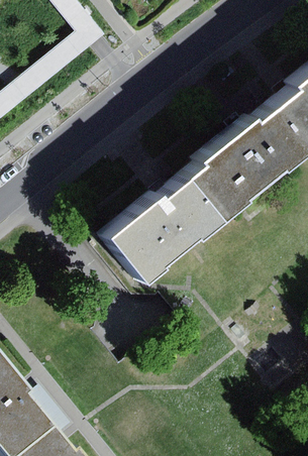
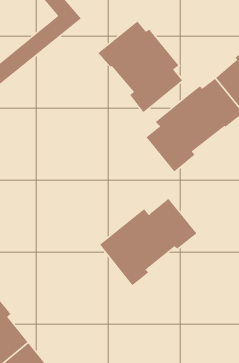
building: none -> [98,20,183,113]
building: [105,179,222,283] -> [99,198,197,286]

